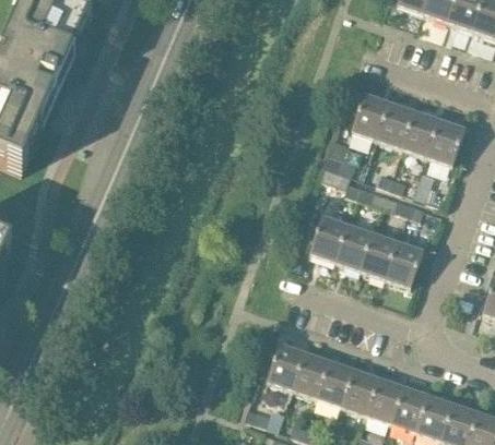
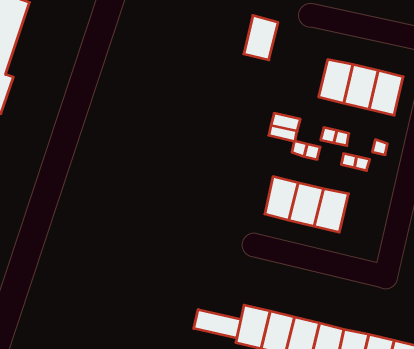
building: [350,92,388,139] -> [244,15,278,60]
building: [382,240,421,287] -> none
building: none -> [194,309,241,338]

